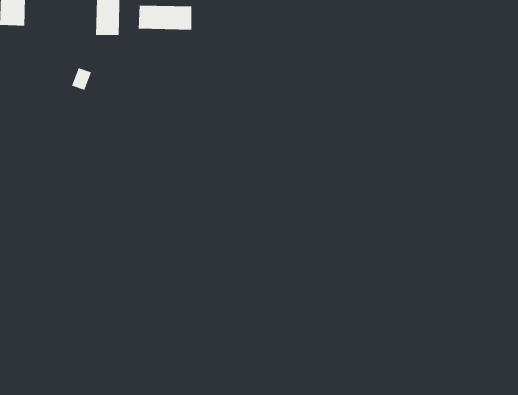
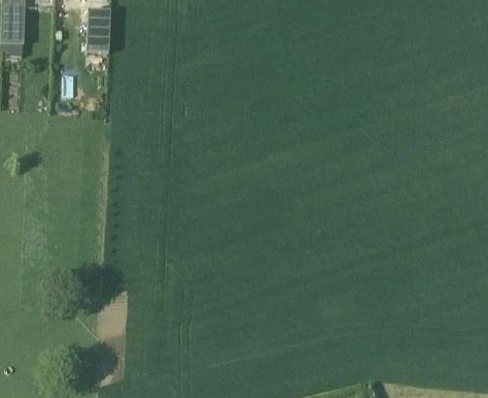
building: [138,5,192,30] -> none

